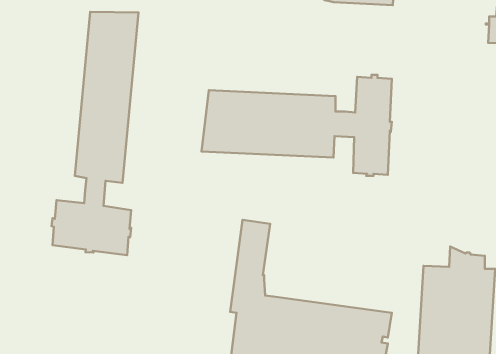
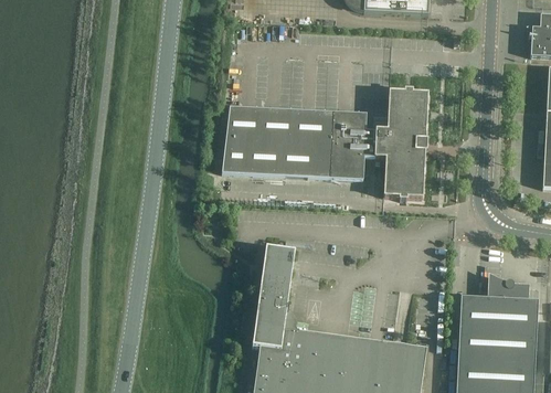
building: [52,12,139,255] -> none

